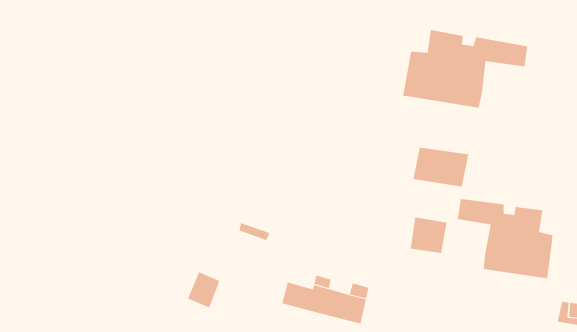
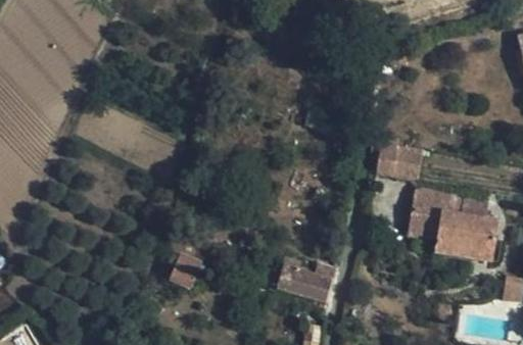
building: [403,29,528,108] -> none
building: [410,217,447,253] -> [408,208,441,241]

